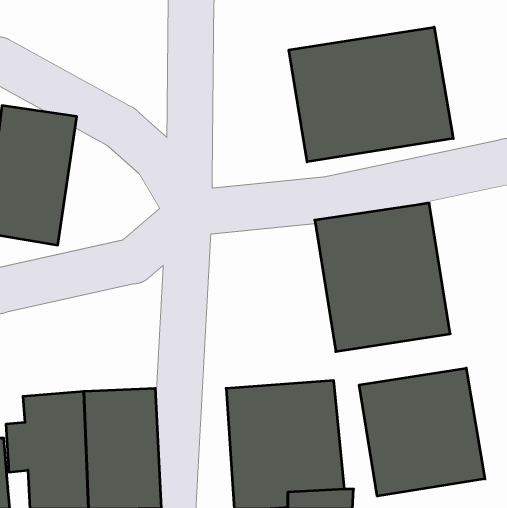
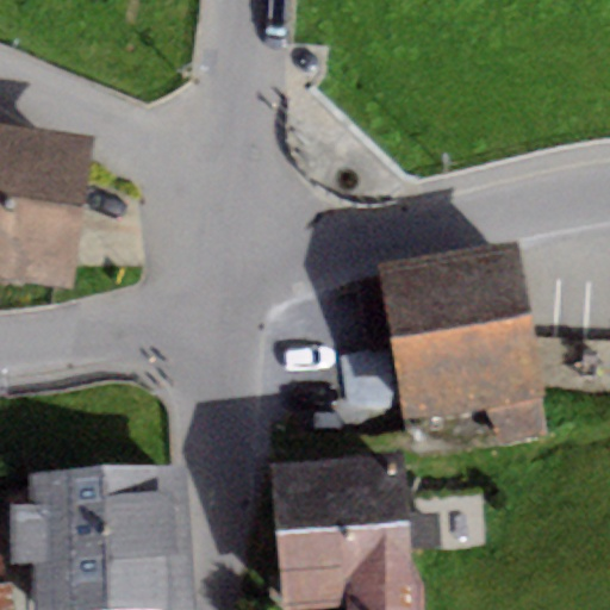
building: [289,27,453,162] -> none
building: [359,368,485,496] -> none

